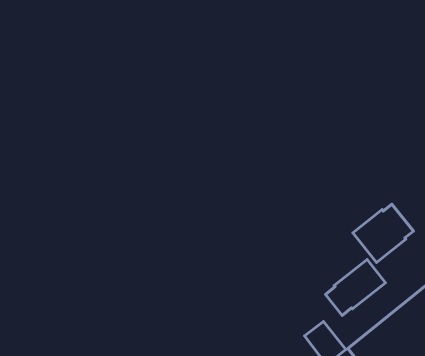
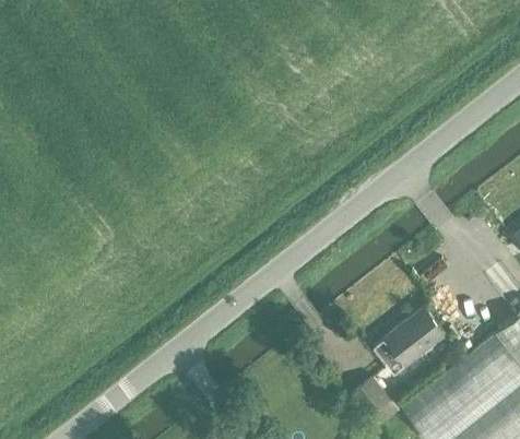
building: [353,204,414,263] -> none

